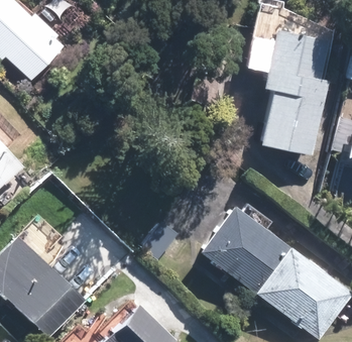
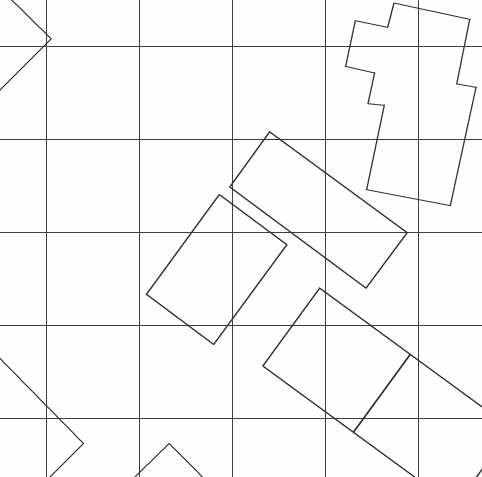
building: none -> [230,132,407,288]
building: none -> [146,195,287,344]

